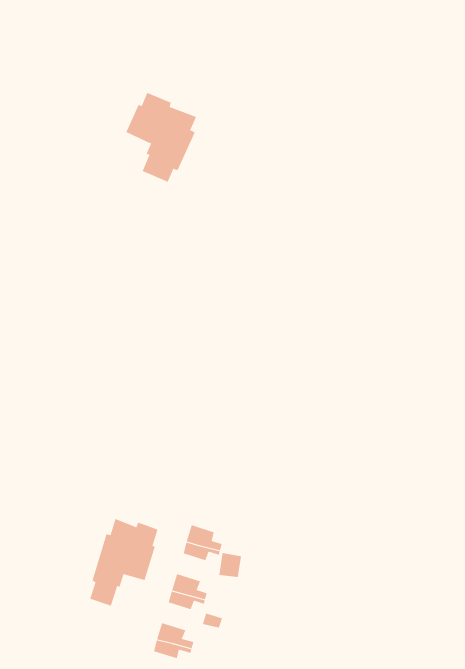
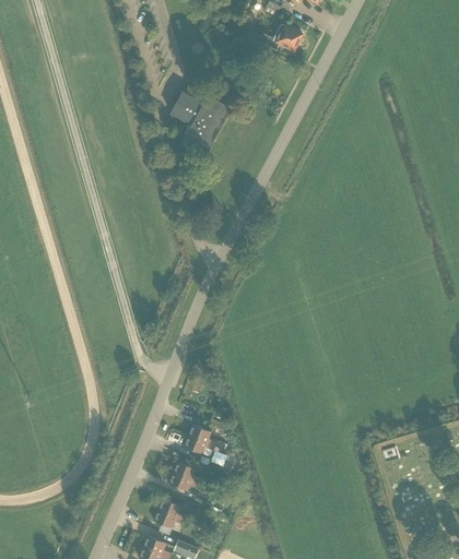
building: none -> [264,25,303,51]
building: [90,518,158,606] -> none

